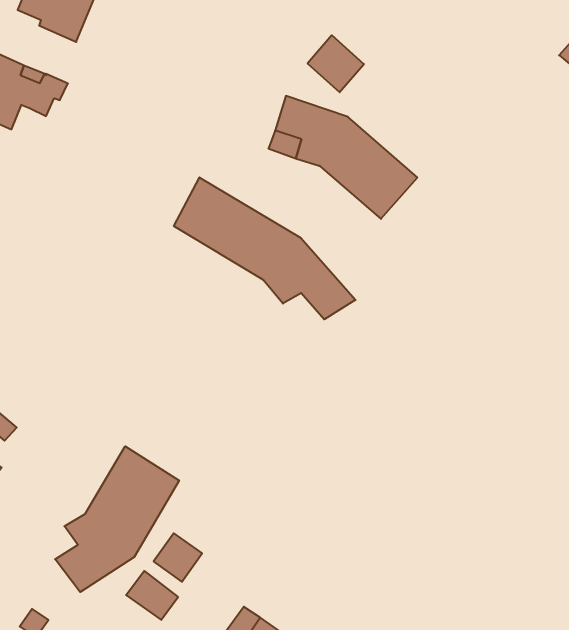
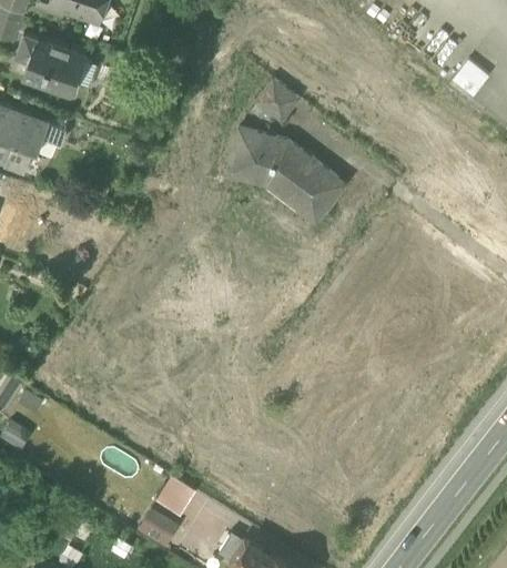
building: [174,177,356,319] -> none
building: [55,446,179,592] -> none

